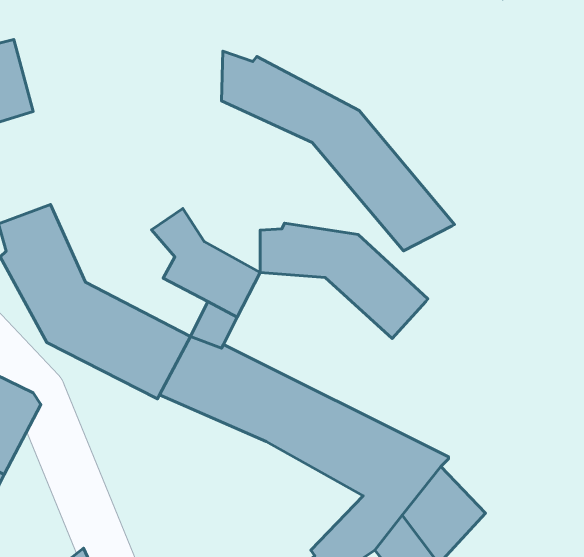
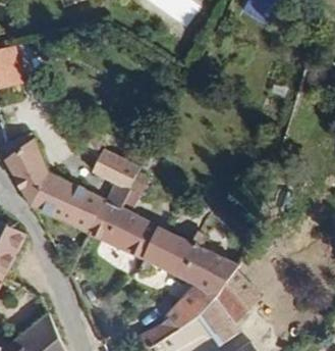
building: [221,51,455,251] -> none
building: [260,223,428,338] -> none

